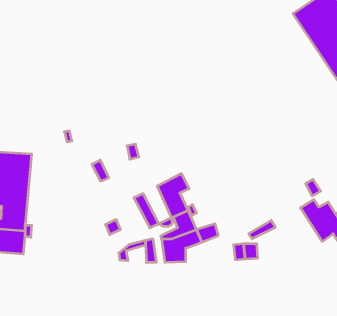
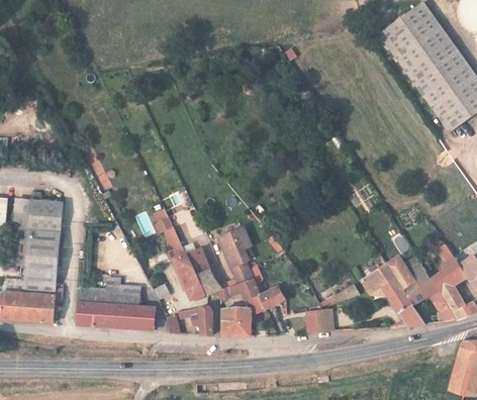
building: none -> [157,222,205,299]
building: none -> [360,268,424,326]
building: none -> [78,277,153,329]

